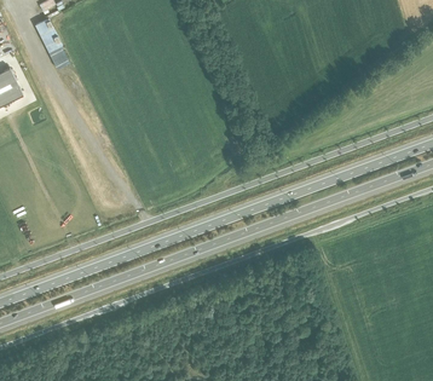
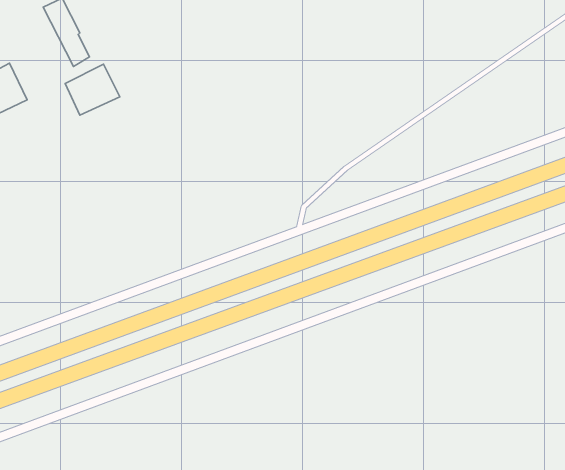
building: none -> [65,64,120,115]

